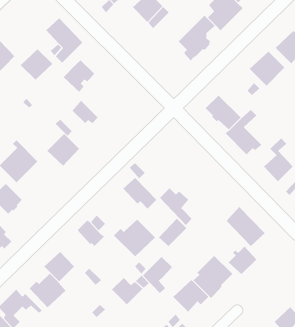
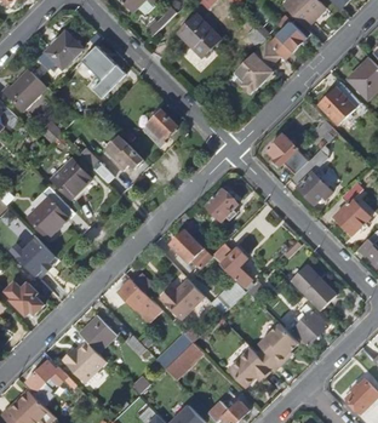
building: [20,48,53,81] -> [45,30,84,68]
building: [63,59,95,93] -> [139,109,177,148]
building: [47,133,80,167] -> [51,158,90,196]
building: none -> [206,190,237,222]
building: [142,256,173,294] -> none

